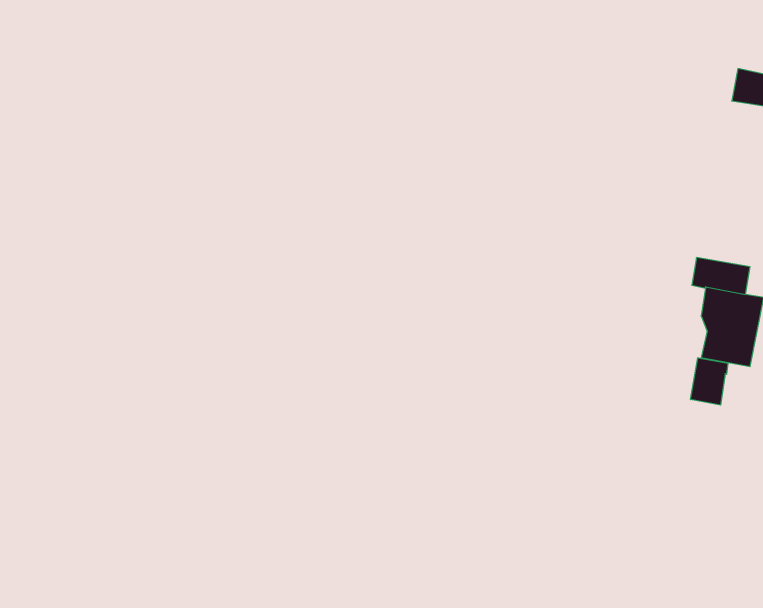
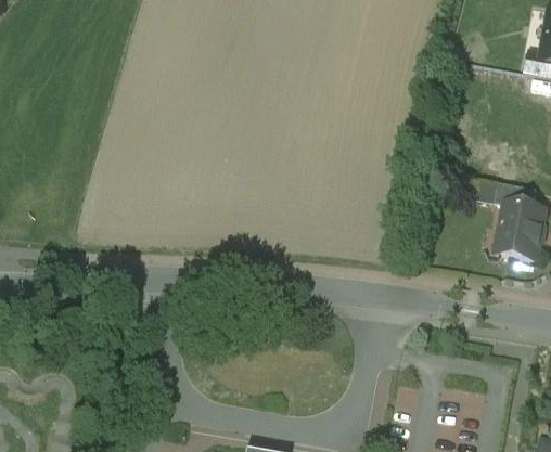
building: [691,358,728,405] -> none

